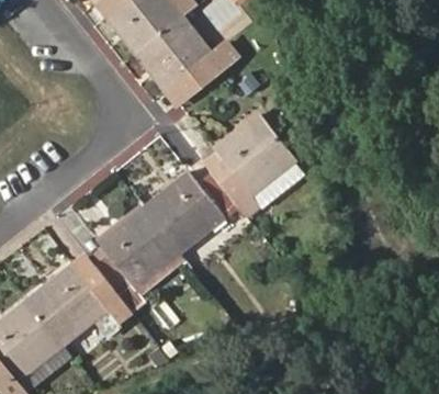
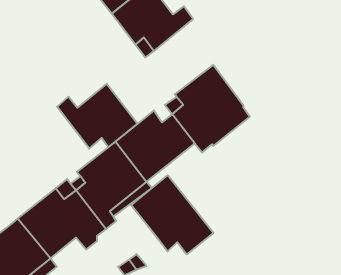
building: none -> [57,84,137,149]
building: none -> [131,175,213,254]

